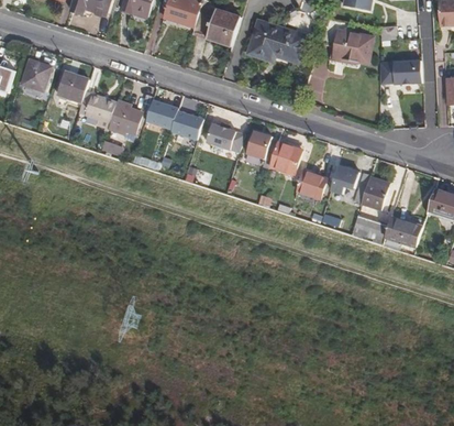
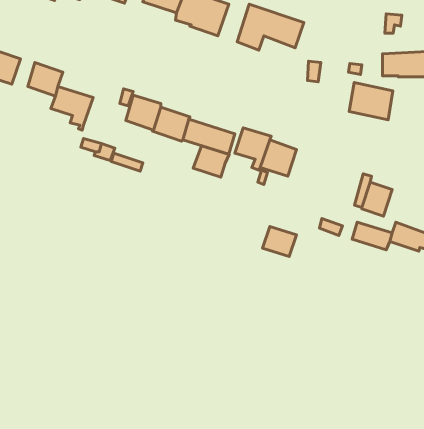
building: [333,30,373,64] -> [349,82,393,120]
building: [108,100,141,133] -> none
building: none -> [193,146,229,177]
building: [330,166,358,195] -> none
building: [296,170,326,197] -> [263,226,296,257]

